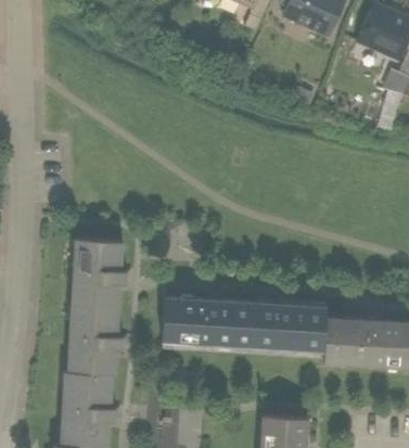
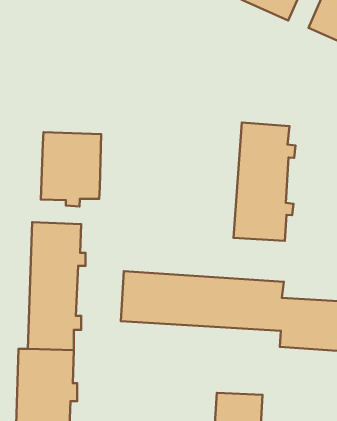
building: none -> [234,122,295,241]
building: none -> [41,132,101,206]

